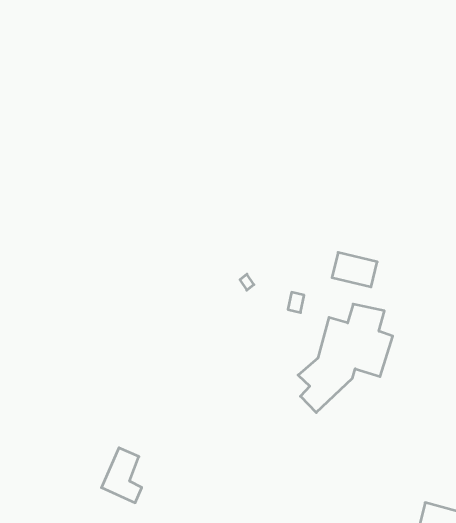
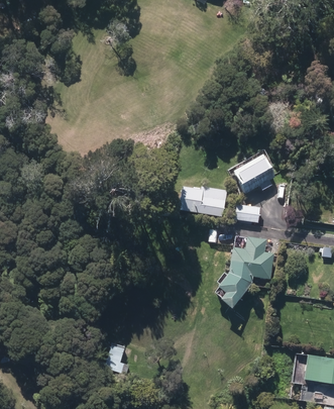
building: none -> [234,157,275,193]
building: none -> [178,185,226,211]

